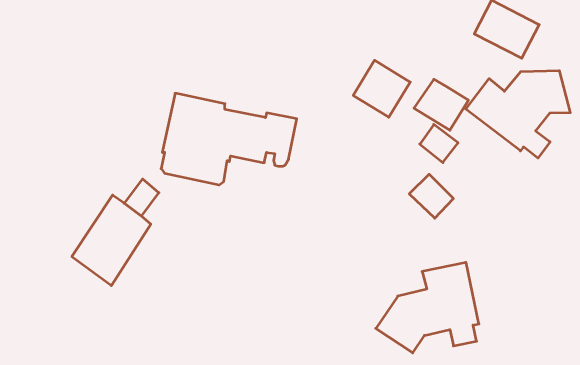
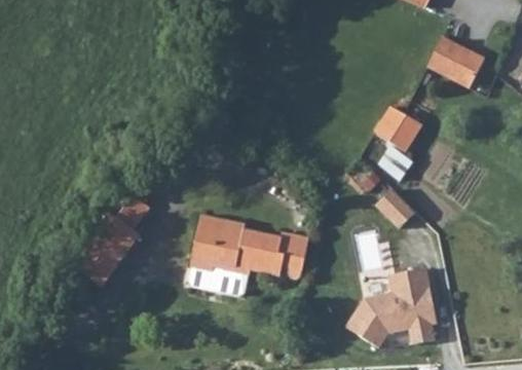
building: [353,60,410,117] -> none
building: [466,71,570,158] -> none
building: [161,93,297,185] -> [189,215,309,296]

